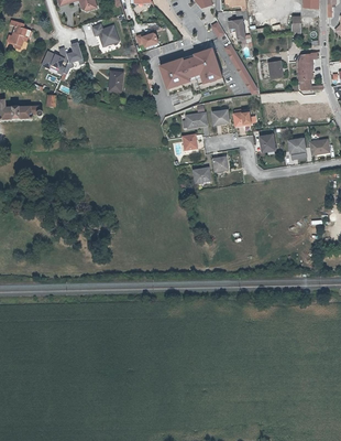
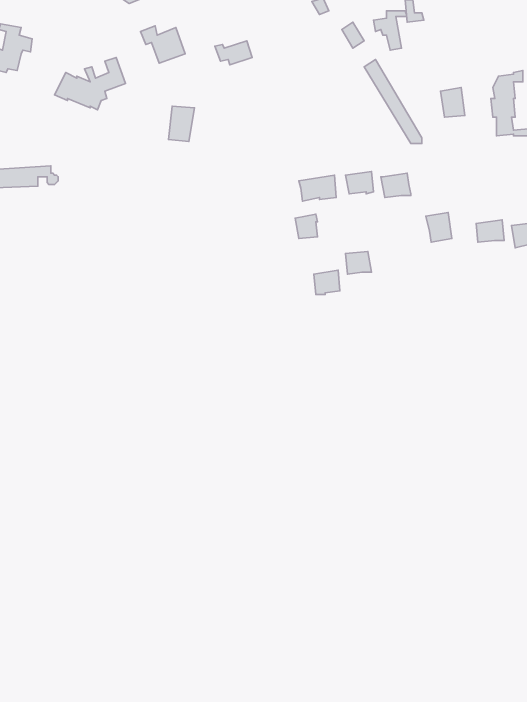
building: [158,49,220,89] -> none

